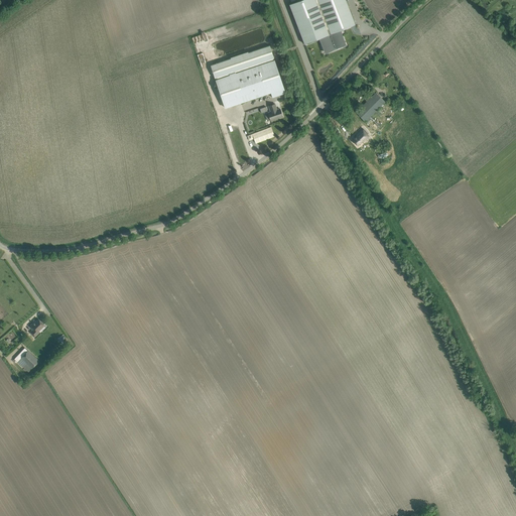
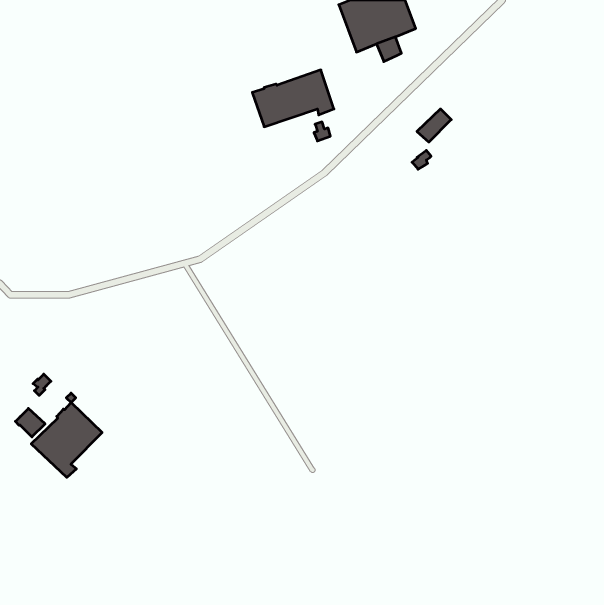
building: [210,45,273,78] -> none
building: none -> [31,403,102,477]

